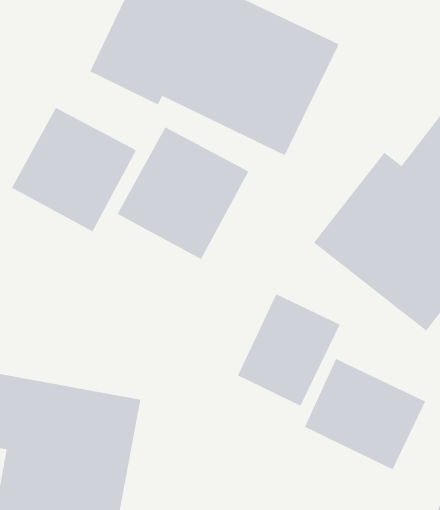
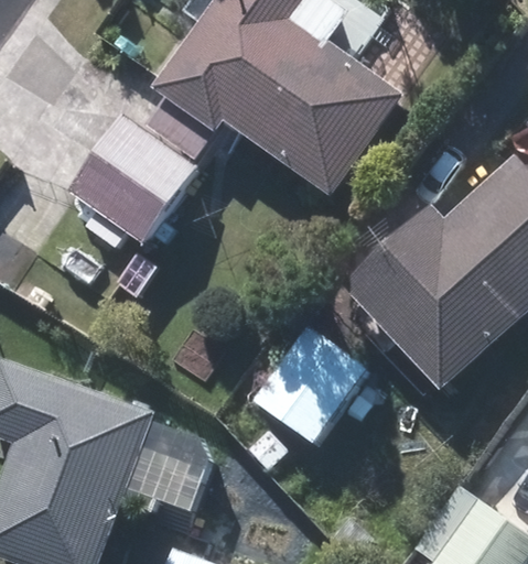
building: [117,127,249,260] -> none
building: [304,358,426,470] -> none

